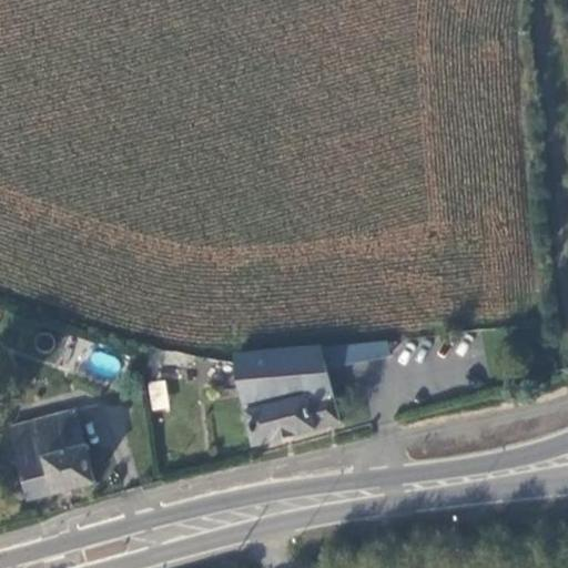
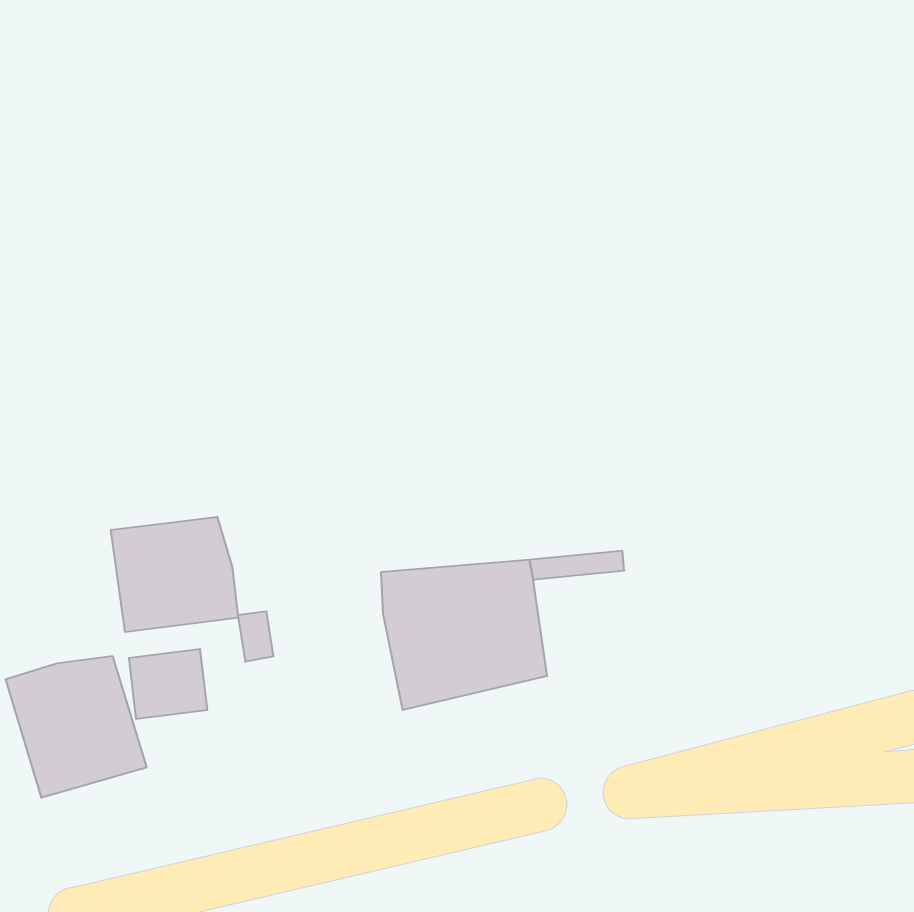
building: none -> [111,517,238,632]

